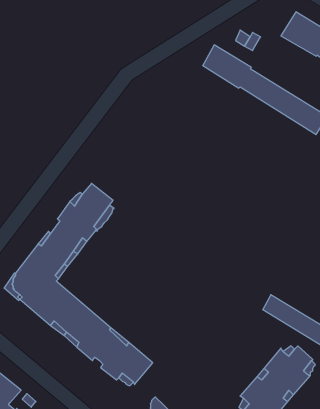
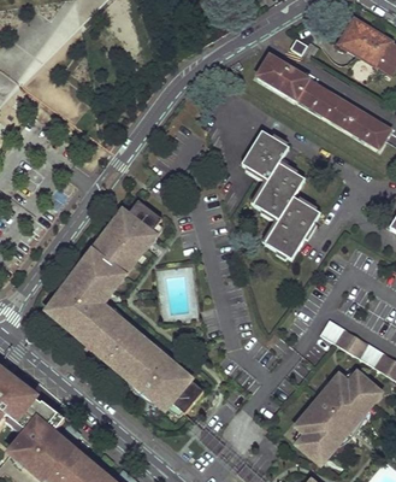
building: none -> [243,130,320,258]

